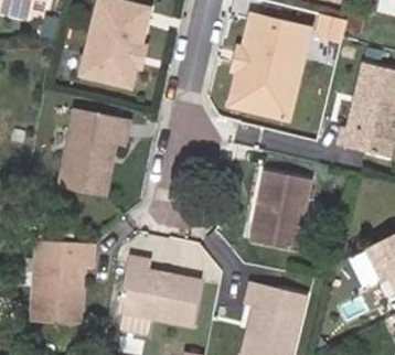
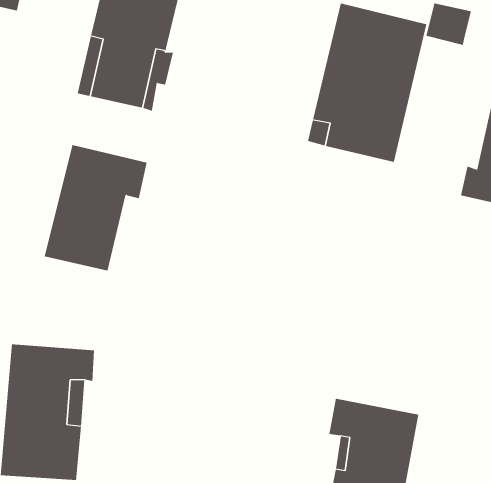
building: [248,168,310,248] -> none
building: [117,258,201,326] -> none

